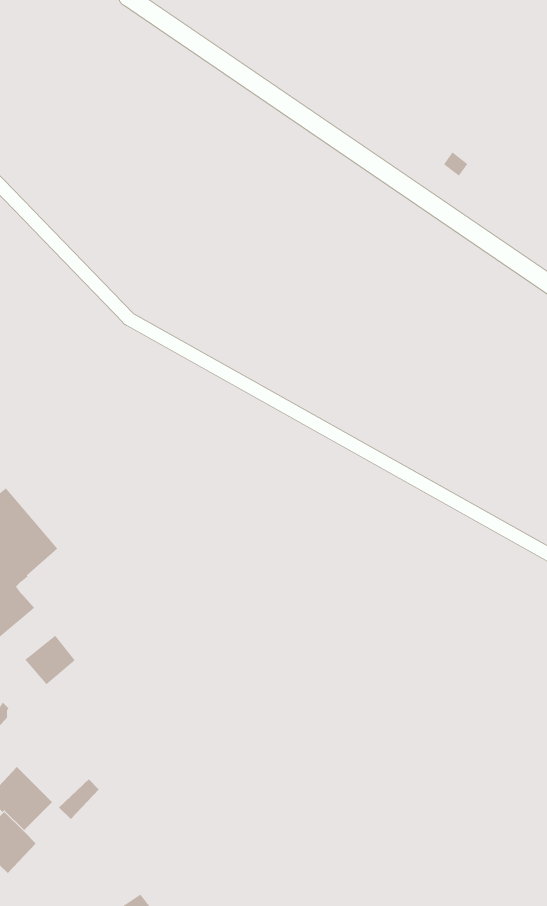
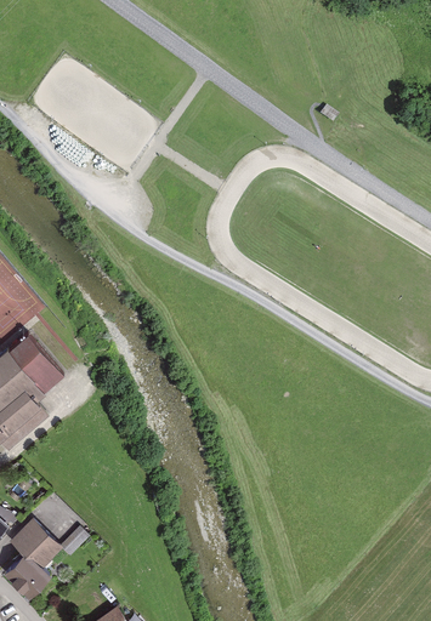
building: [25,635,76,685] -> none

